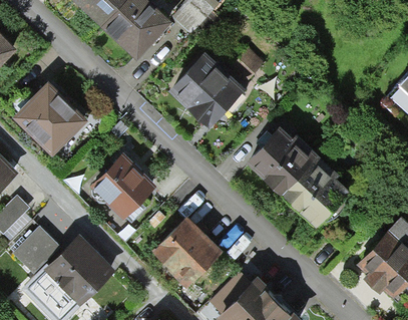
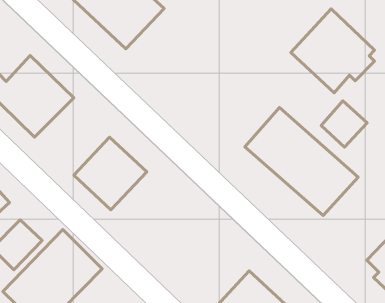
building: [170,50,248,127] -> [291,9,375,93]
building: none -> [321,101,367,147]
building: [150,218,220,287] -> none

